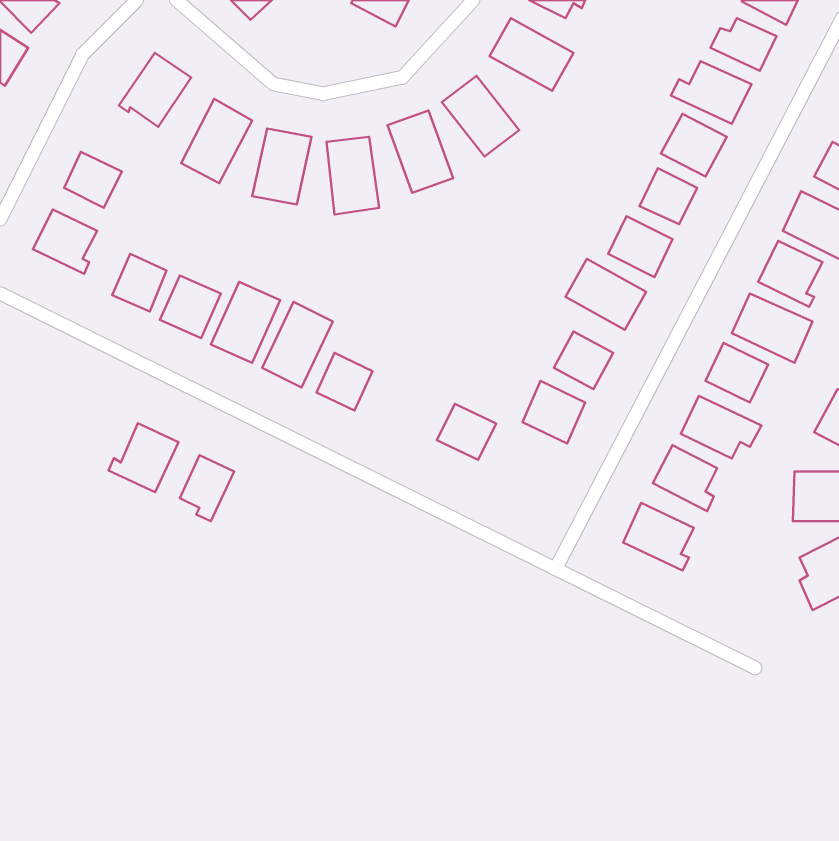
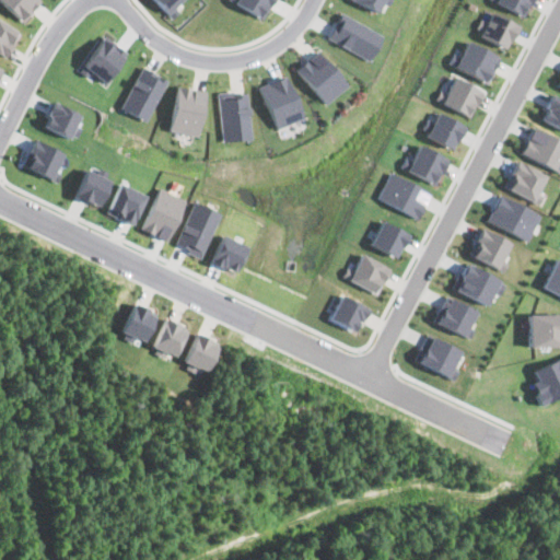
building: [437,404,496,460] -> [329,295,369,332]
building: [108,423,179,492] -> none
building: none -> [152,319,188,360]
building: none -> [184,335,219,372]

